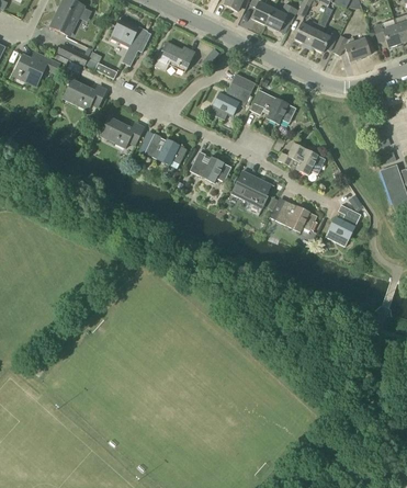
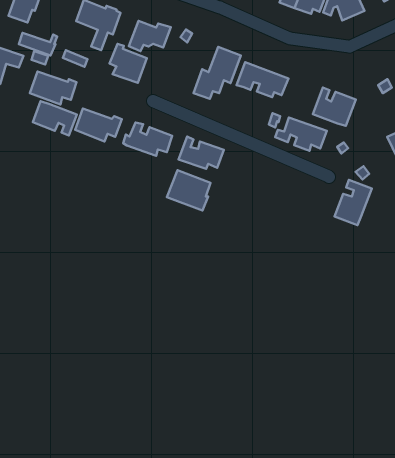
building: none -> [110,44,147,83]
building: none -> [33,101,77,135]
building: none -> [313,88,356,126]
building: [231,169,272,207] -> [167,170,211,210]
building: [271,200,317,231] -> none

